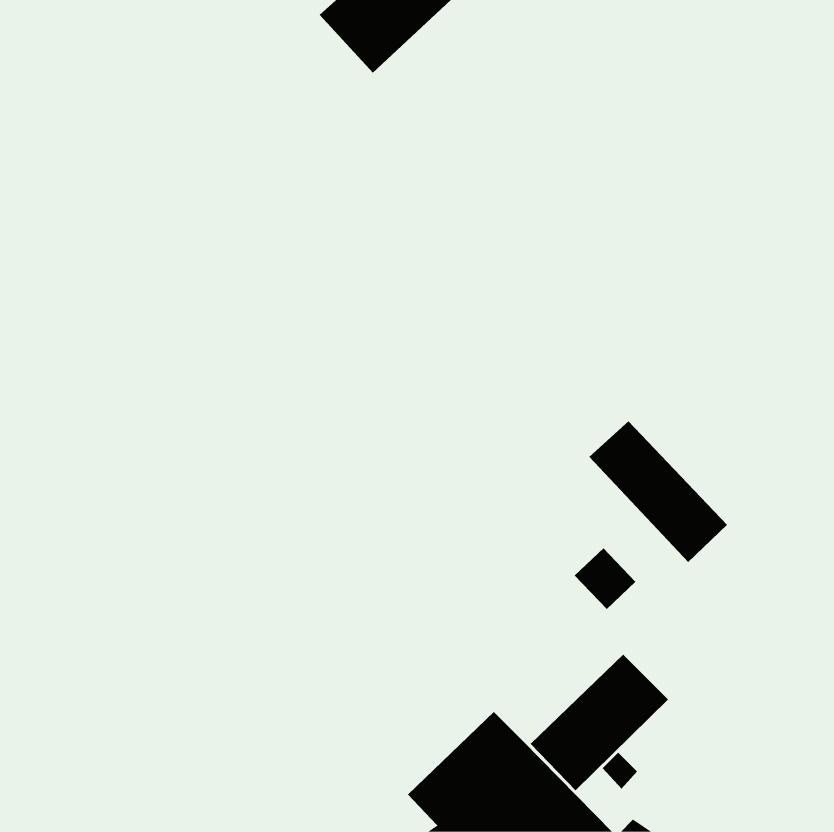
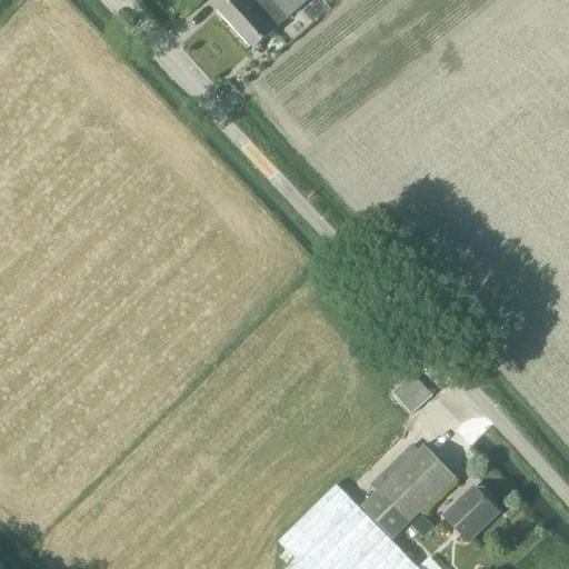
building: [589,421,728,563] -> none
building: none -> [445,487,497,539]

